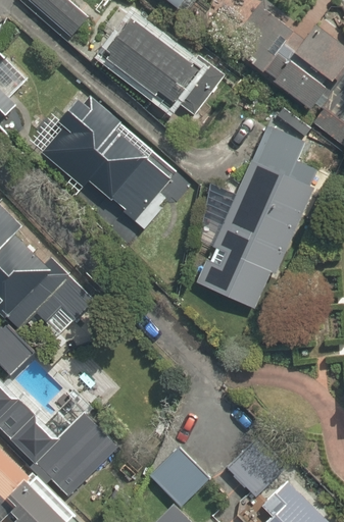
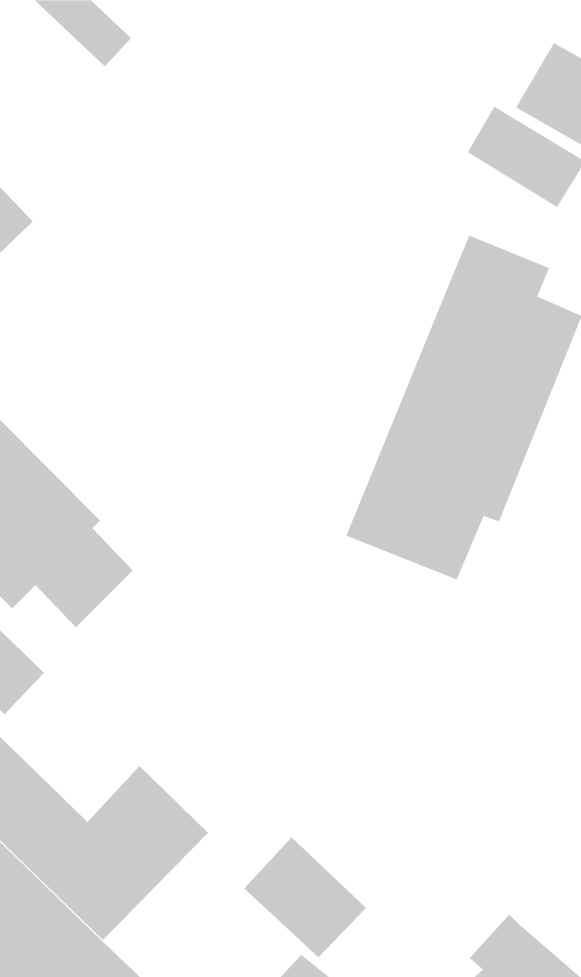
building: [100,13,225,117] -> none
building: [38,94,182,226] -> none
building: [227,440,281,495] -> none

